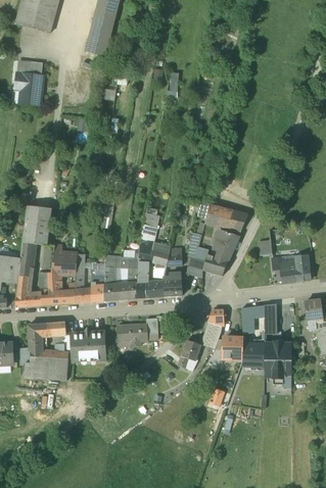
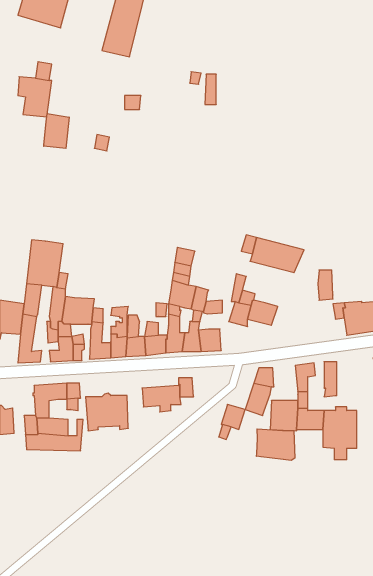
building: none -> [44,114,69,148]
building: [215,229,238,259] -> none
building: none -> [256,429,295,460]

